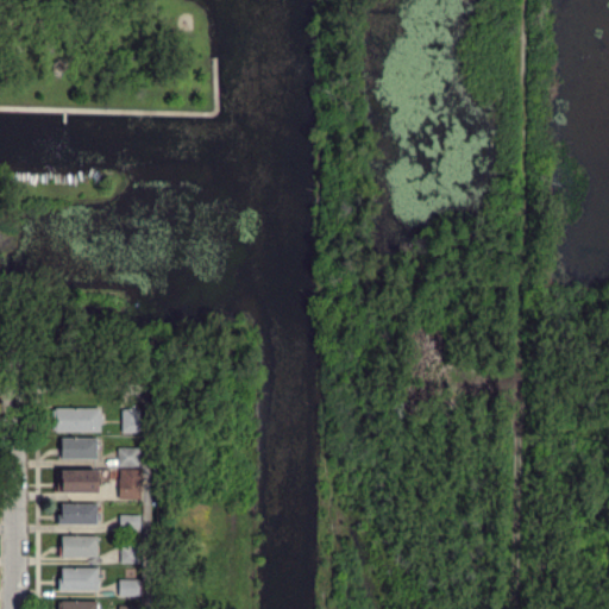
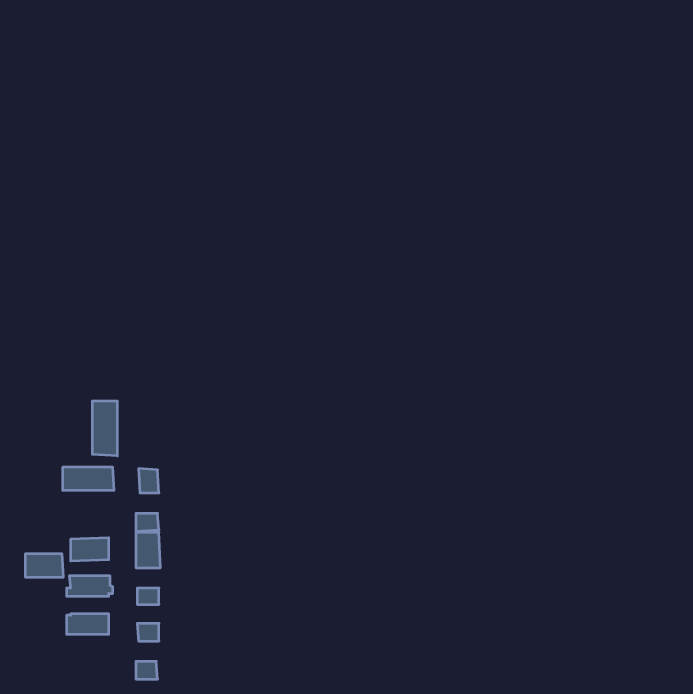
building: none -> [92,401,117,456]
building: [63,439,96,459] -> [25,554,63,577]
building: [59,570,100,589] -> none

